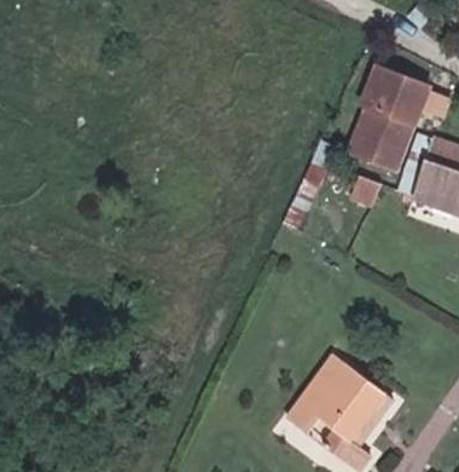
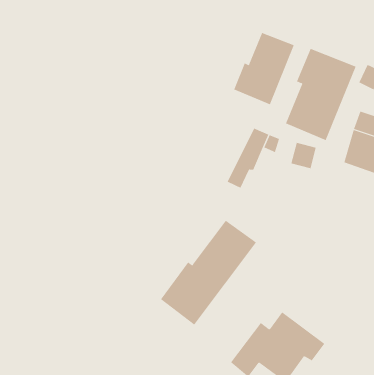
building: none -> [234,32,295,105]
building: none -> [160,220,257,326]

